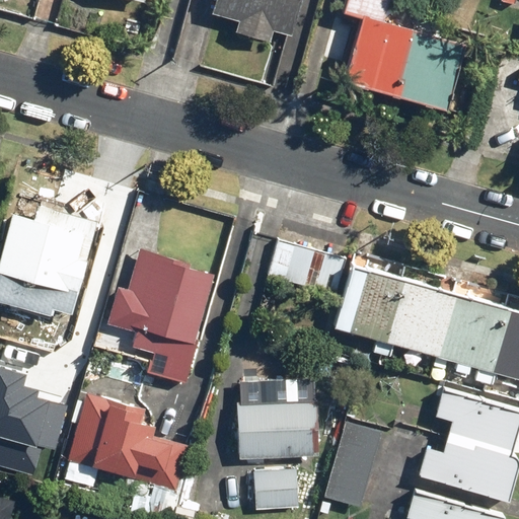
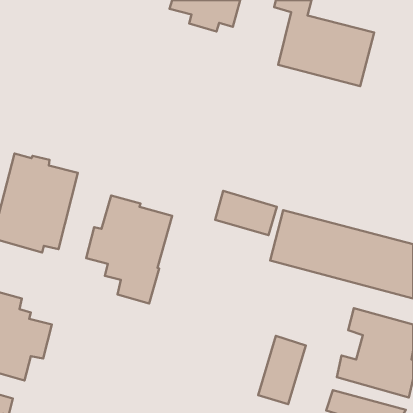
building: [64,391,183,489] -> none
building: [235,398,318,458] -> none
building: [253,469,298,510] -> none

